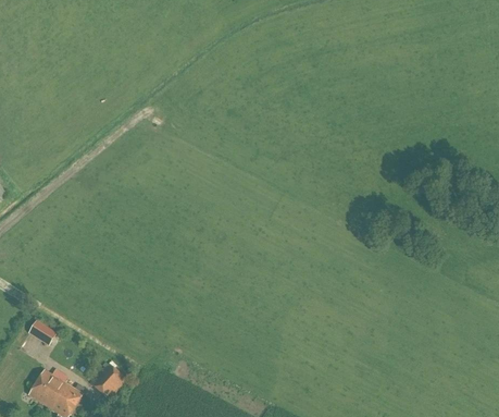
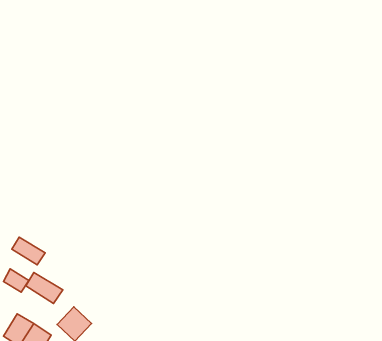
building: none -> [12,237,45,265]
building: none -> [26,272,63,303]

